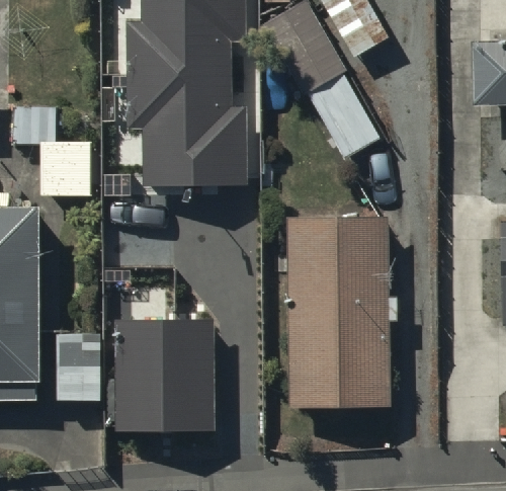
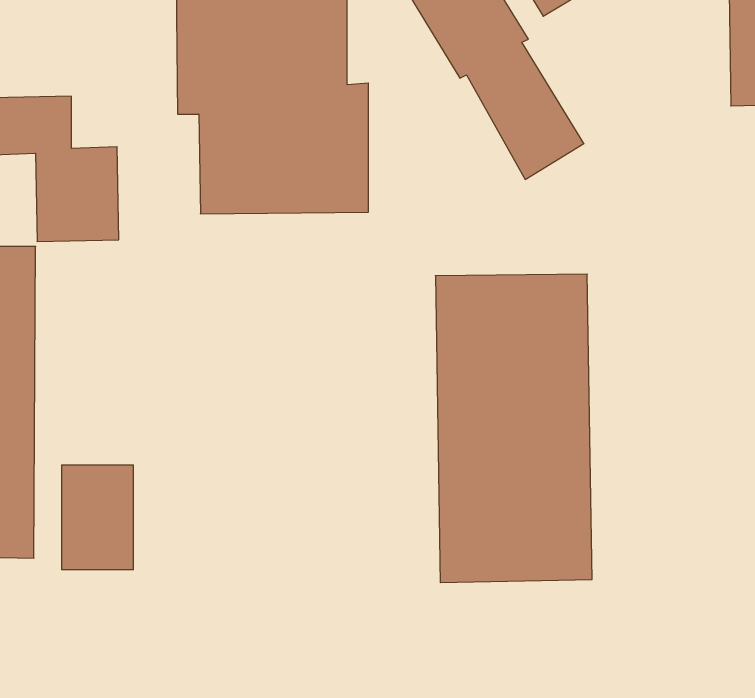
building: [114,315,216,427] -> none

